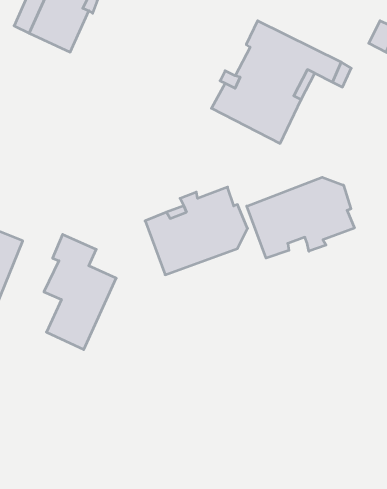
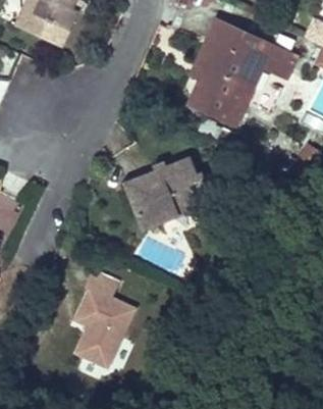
building: [247,177,354,258] -> none
building: [44,234,116,350] -> [74,273,133,367]

